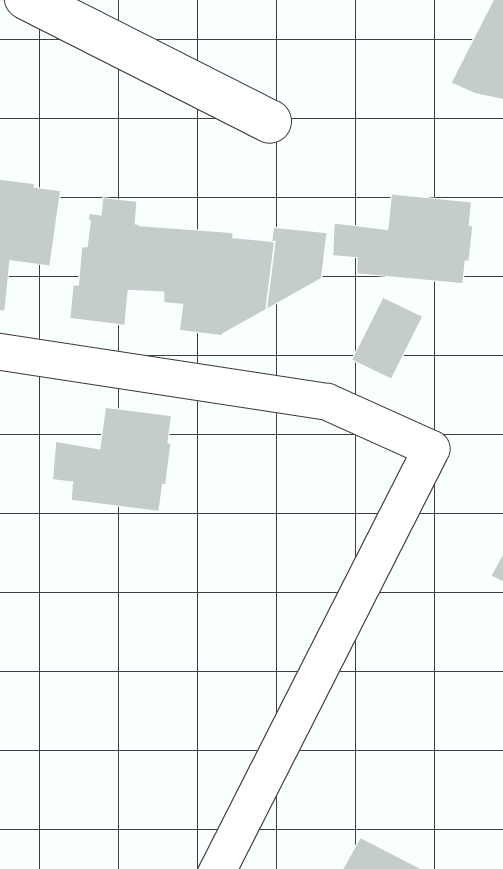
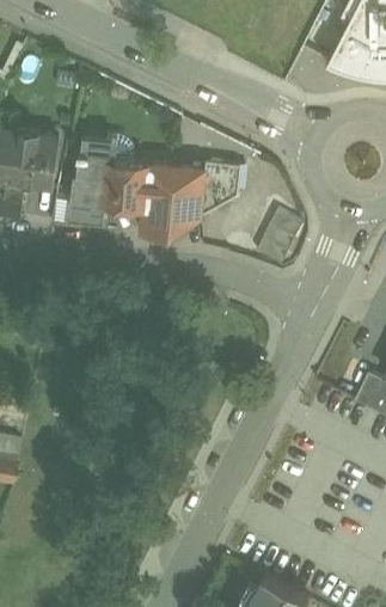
building: [333,194,473,284] -> none
building: [52,407,172,511] -> none

